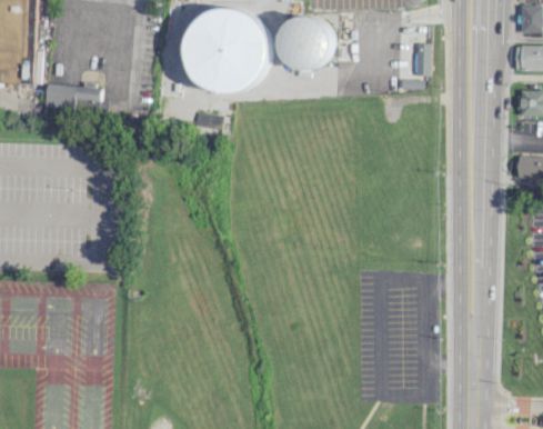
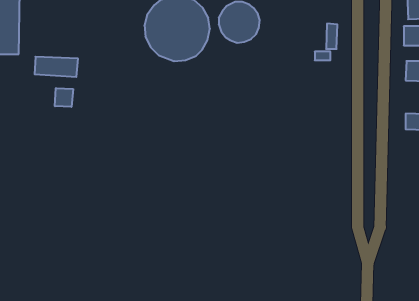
building: none -> [55,88,73,107]

